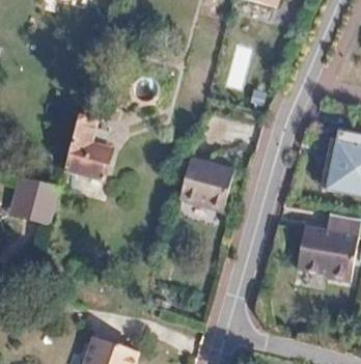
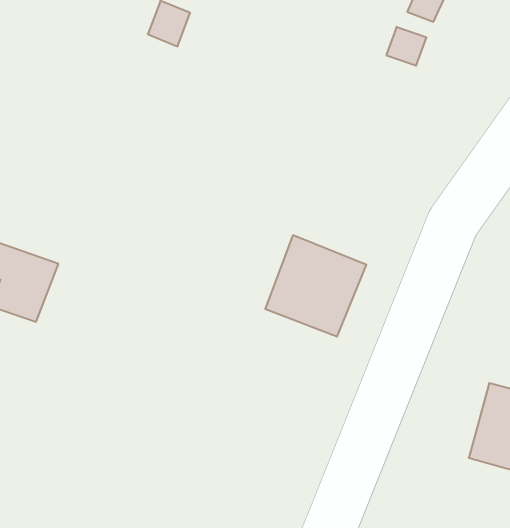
building: [62,116,110,180] -> none

